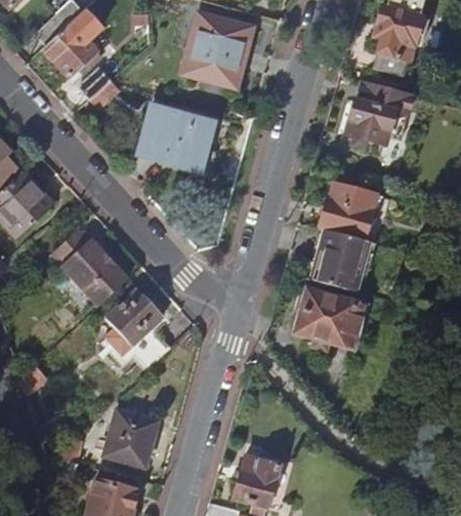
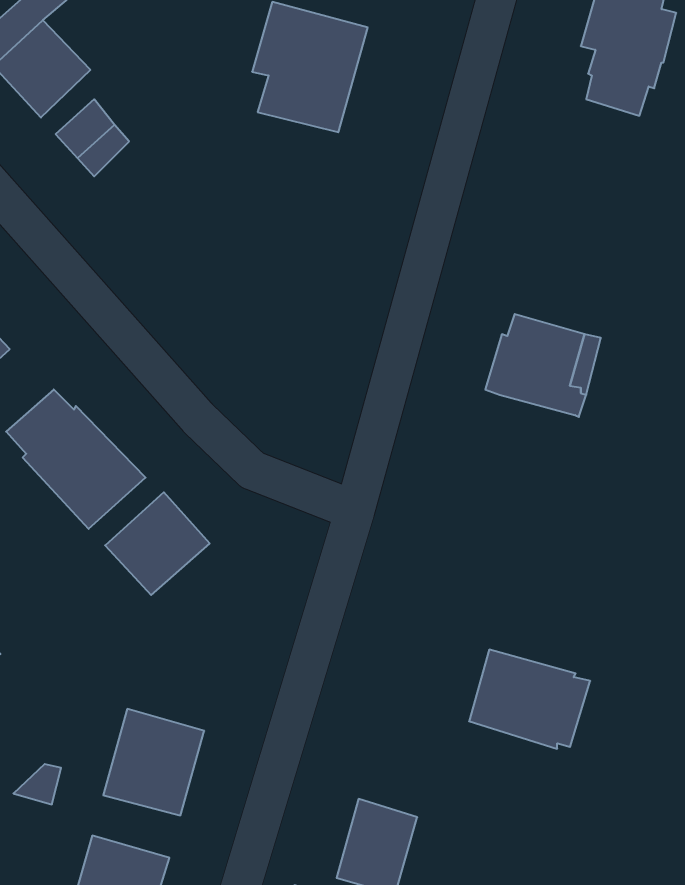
building: [346,81,416,148] -> none
building: [140,104,214,168] -> none
building: [311,231,368,291] -> none
building: [296,290,364,346] -> [469,650,590,749]

